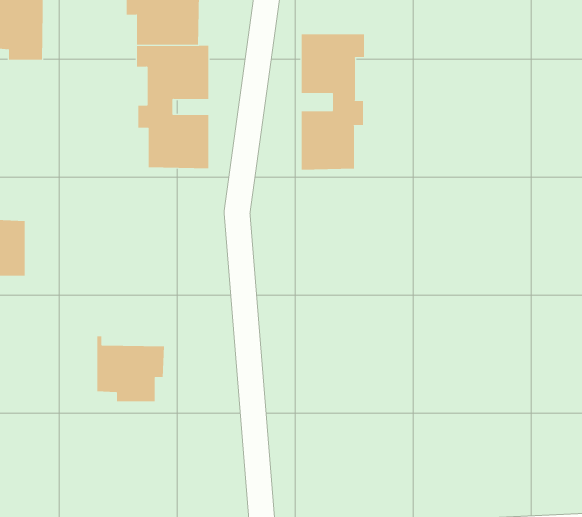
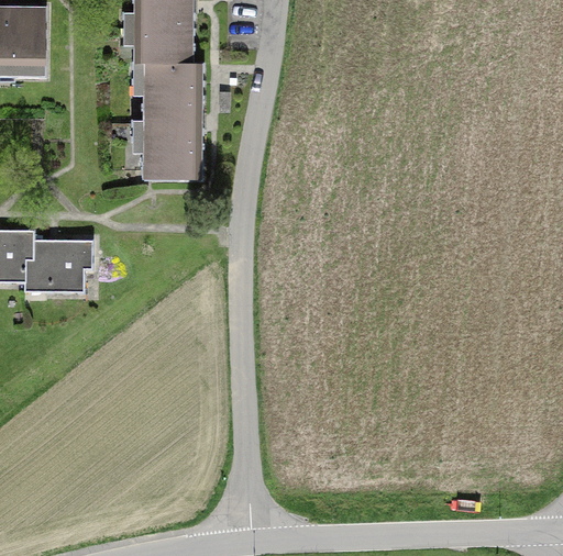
building: [301,34,364,171] -> none
building: [97,336,165,402] -> [27,230,92,292]

